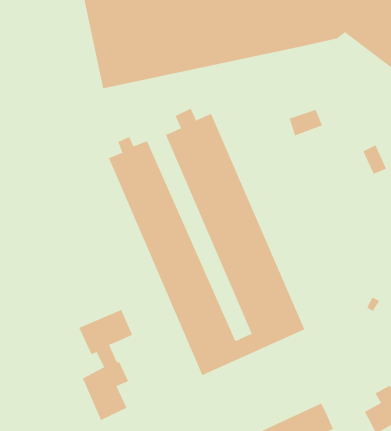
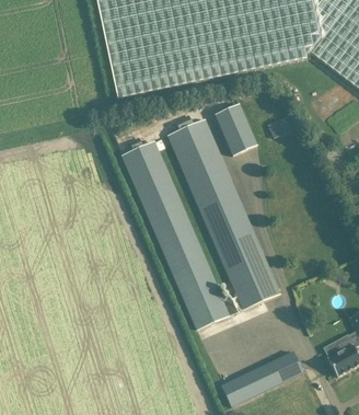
building: none -> [215,103,257,154]
building: [79,309,133,421] -> none

